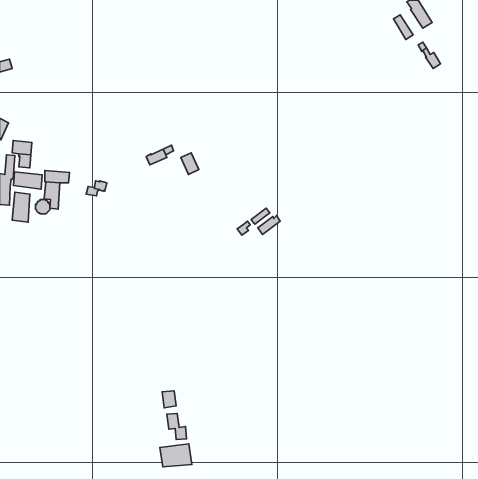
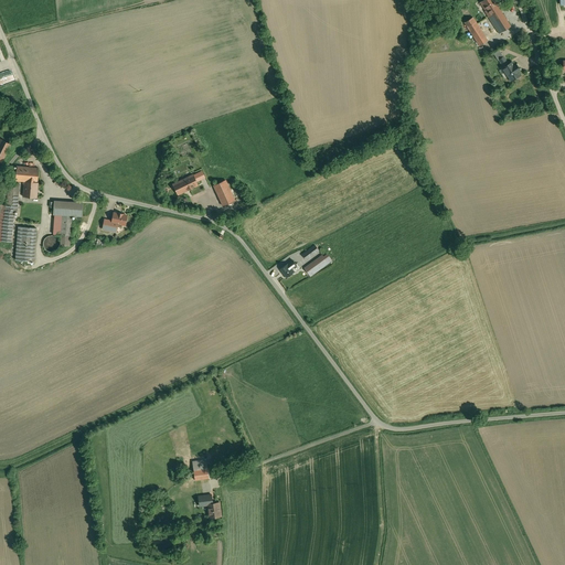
building: [13,172,42,189] -> none
building: [160,444,192,467] -> none

